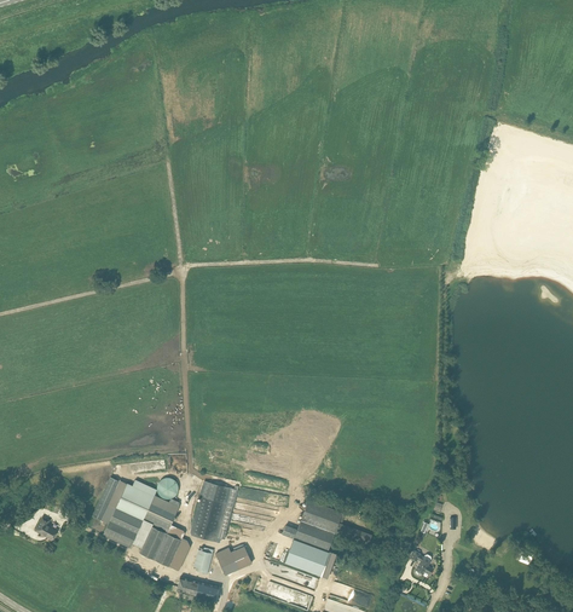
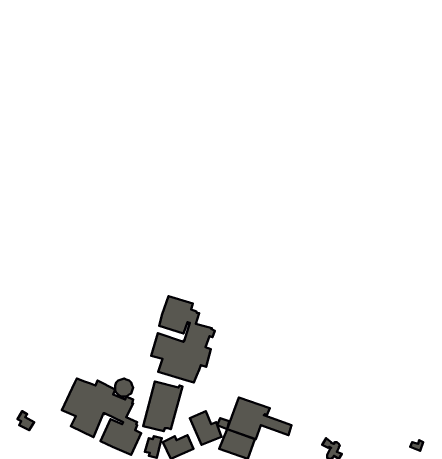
building: none -> [151,296,215,382]
building: none -> [190,411,222,445]

